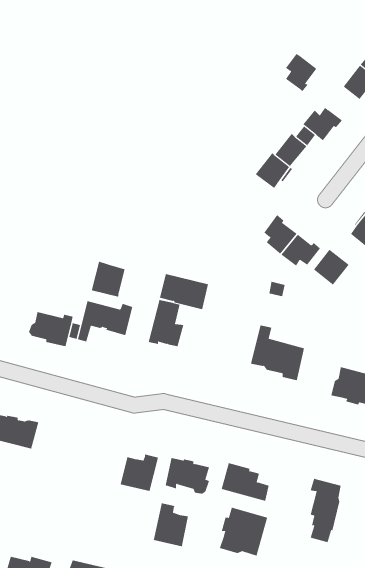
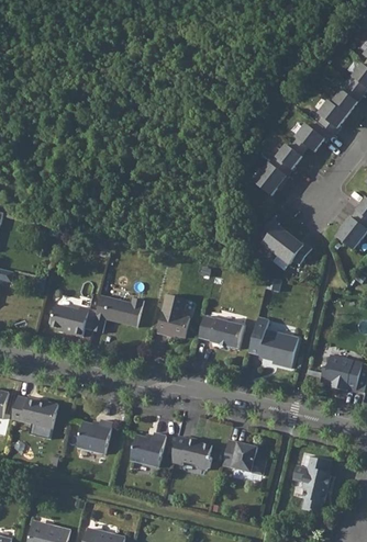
building: [285,53,317,92] -> [319,100,347,135]
building: [313,249,349,285] -> none
building: [91,261,125,298] -> none
building: [159,273,209,310] -> [198,316,243,349]
building: none -> [77,420,112,454]
building: [153,503,189,547] -> none
building: [219,507,268,557] -> none

